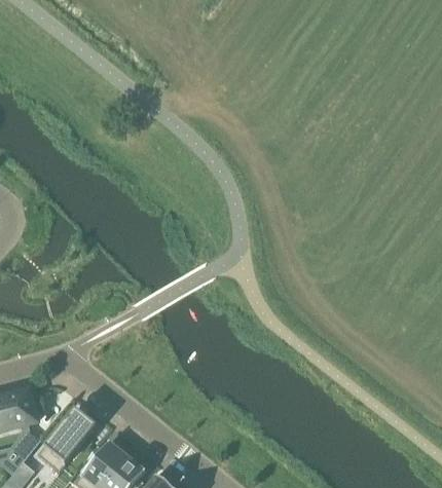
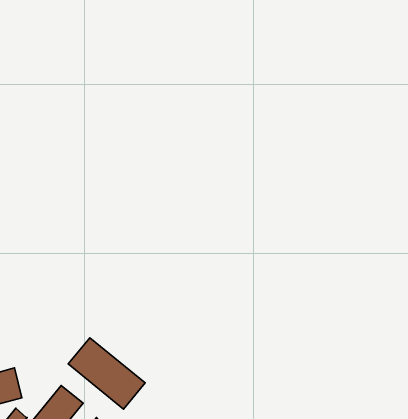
building: none -> [68,338,145,409]

